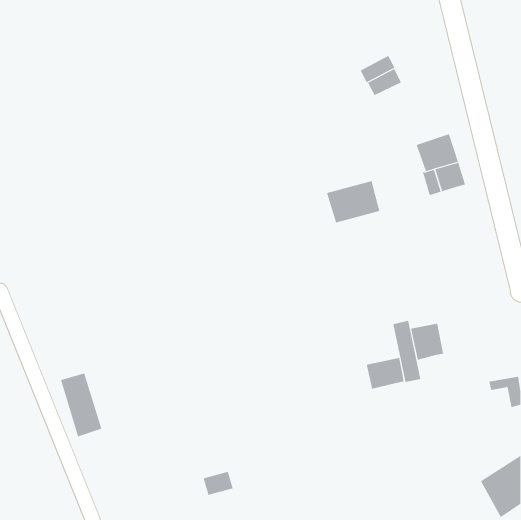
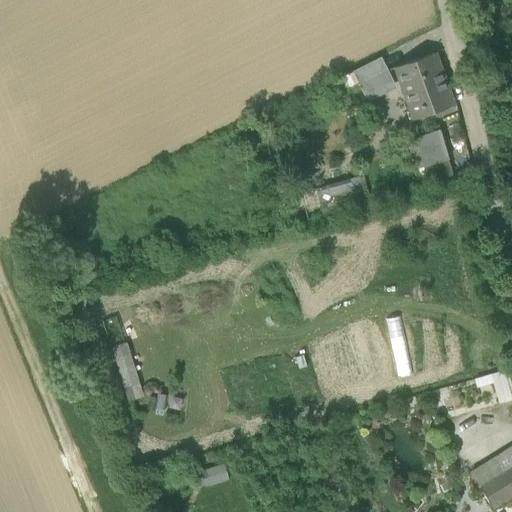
building: none -> [399,60,453,120]
building: [411,323,444,361] -> none
building: [366,357,405,390] -> none
building: [60,373,102,437] -> [102,341,143,404]

